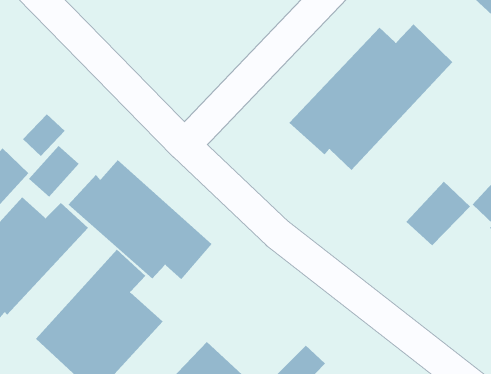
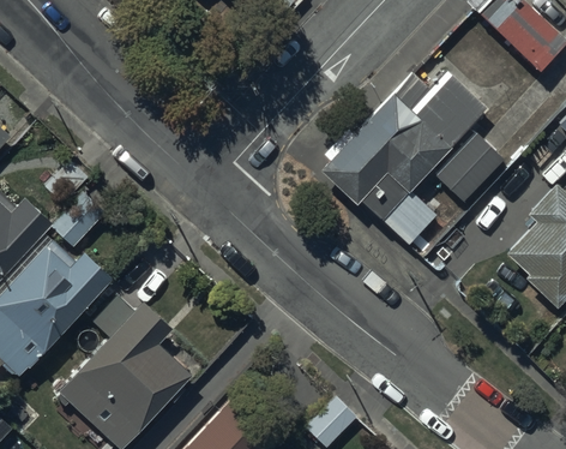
building: [67,159,212,280] -> none
building: [405,181,471,246] -> [436,134,504,202]

